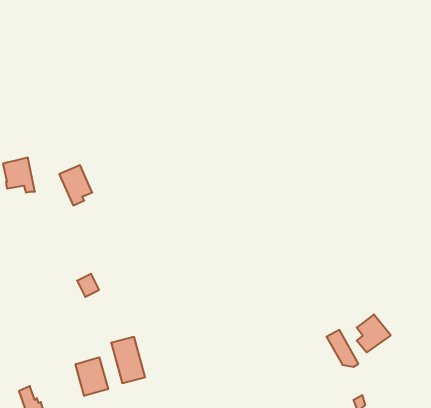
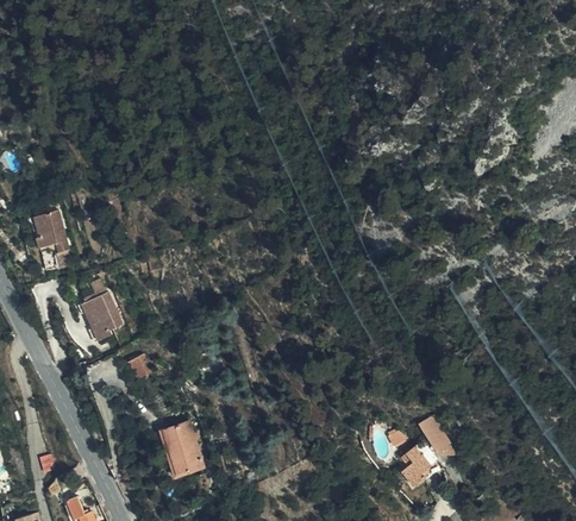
building: [59,165,92,205] -> [76,288,115,335]
building: [357,314,391,352] -> [400,441,440,487]
building: [76,357,108,396] -> none

